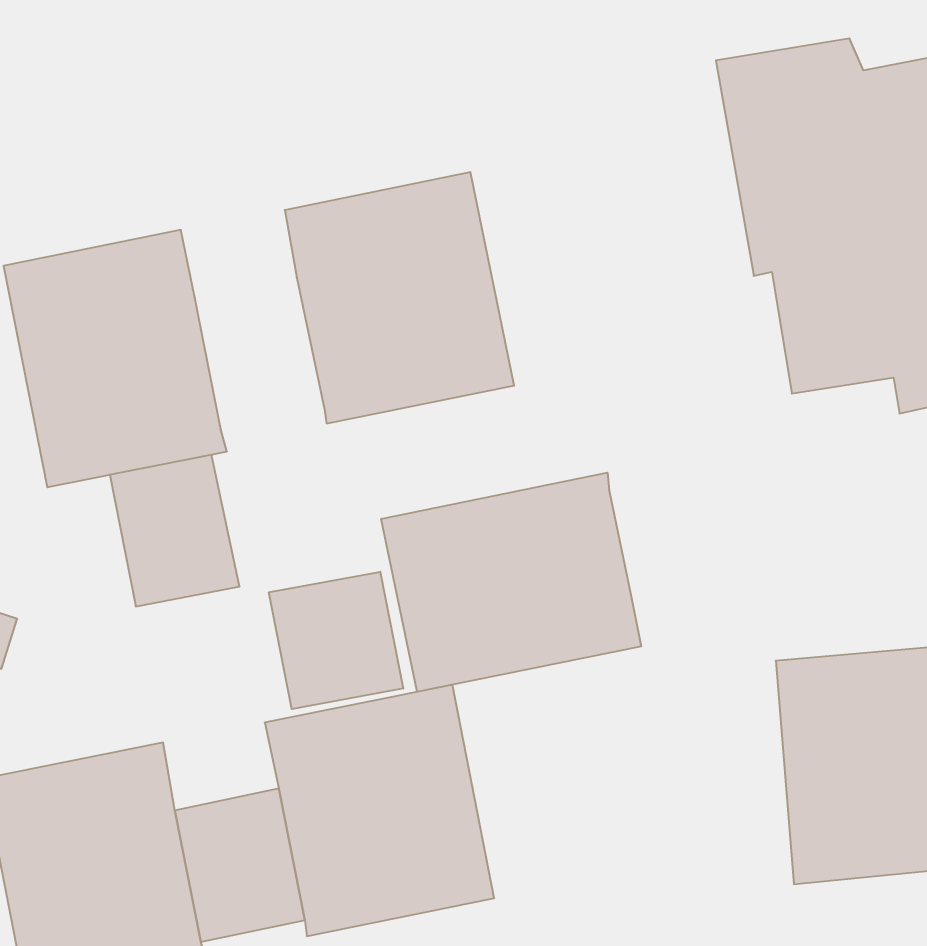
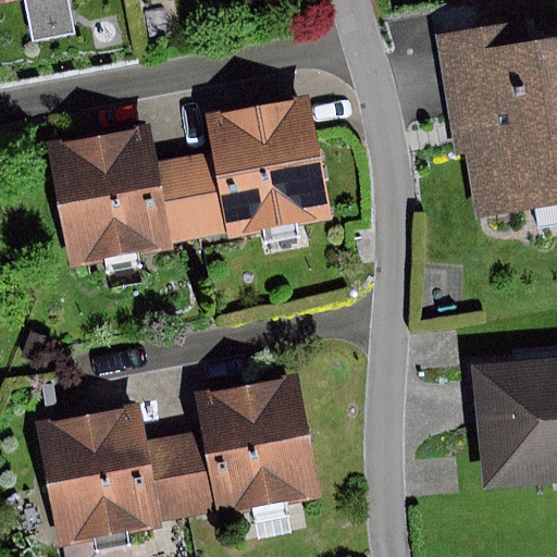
building: [110,455,240,606] -> [153,153,224,236]
building: [381,473,641,692] -> none
building: [269,572,403,709] -> none

